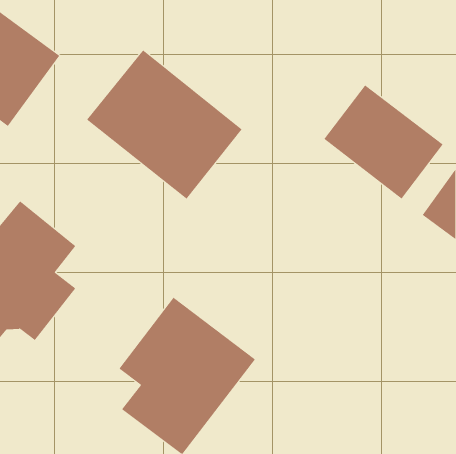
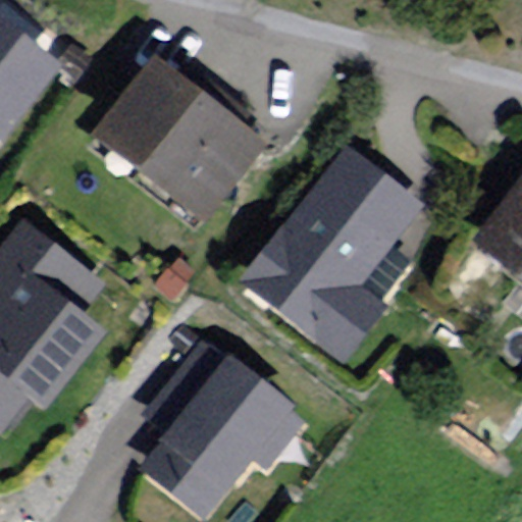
building: [323,84,443,199] -> none
building: none -> [243,146,425,357]

